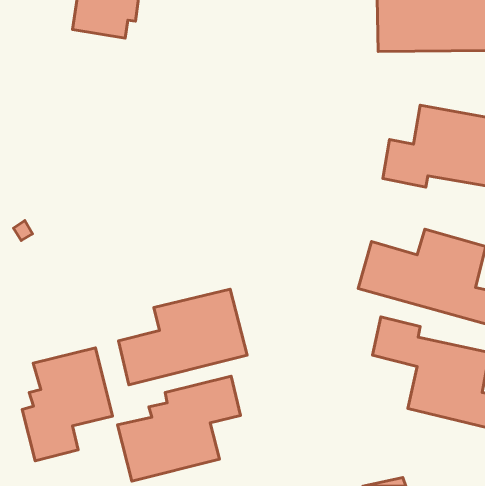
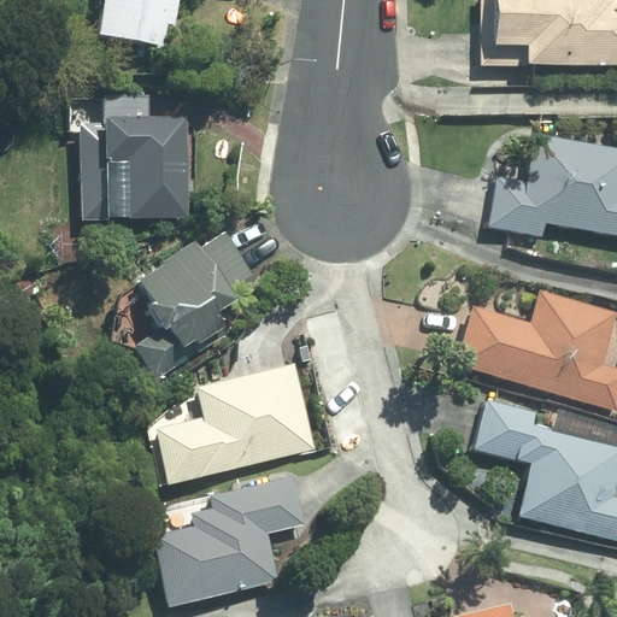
building: none -> [82,116,190,219]
building: none -> [134,231,254,380]
building: [22,348,113,461] -> none

